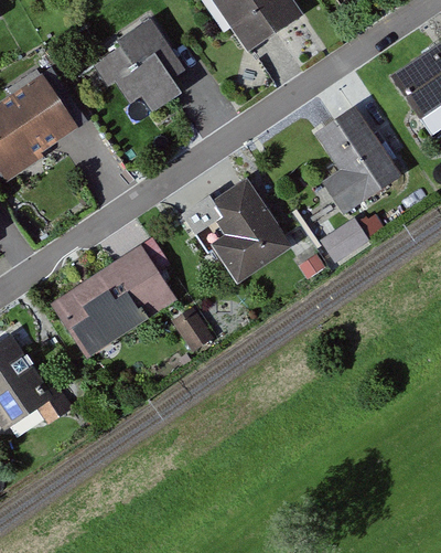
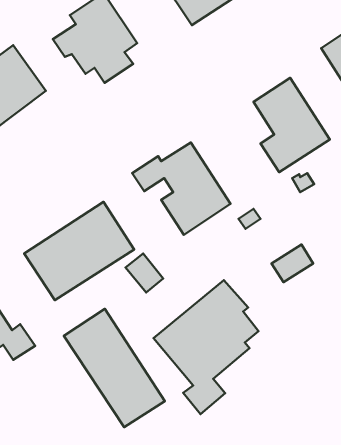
building: [318,220,364,262] -> [272,244,313,282]
building: none -> [154,280,259,414]
building: none -> [64,309,165,427]

